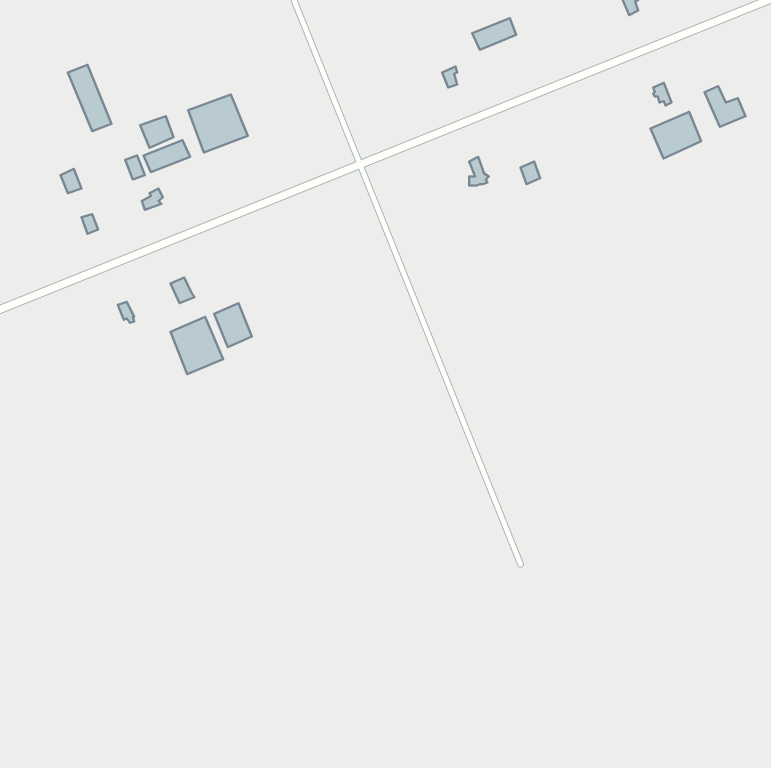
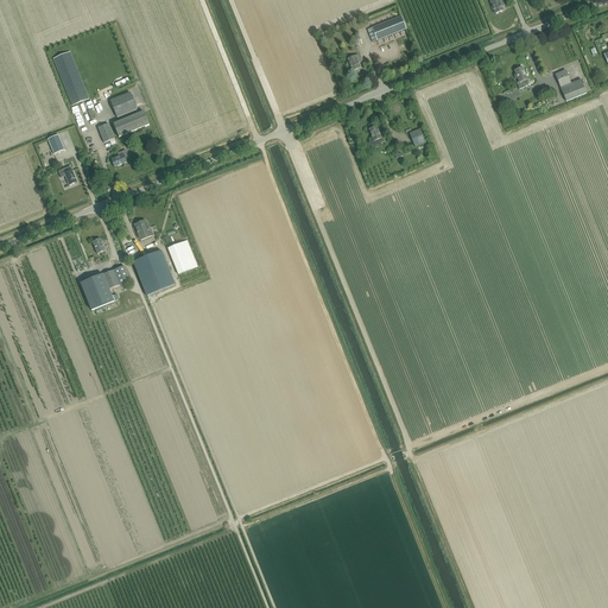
building: [188,94,248,153] -> none
building: [650,112,701,158] -> none
building: none -> [81,265,131,309]

